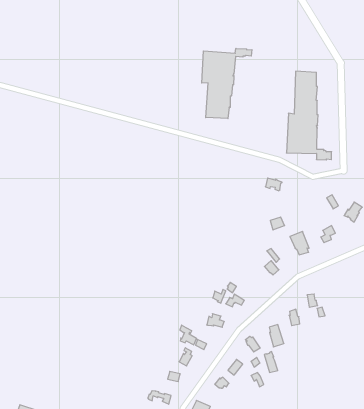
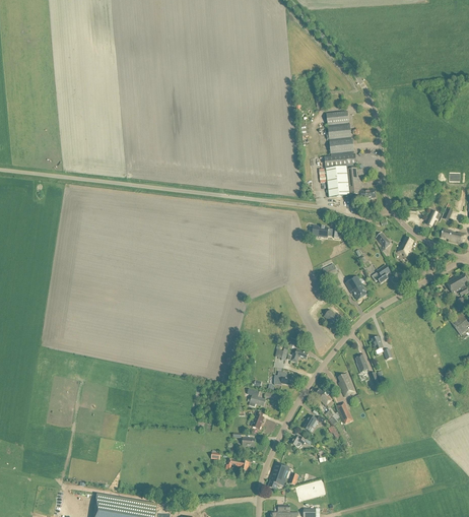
building: [202,48,252,119] -> none

